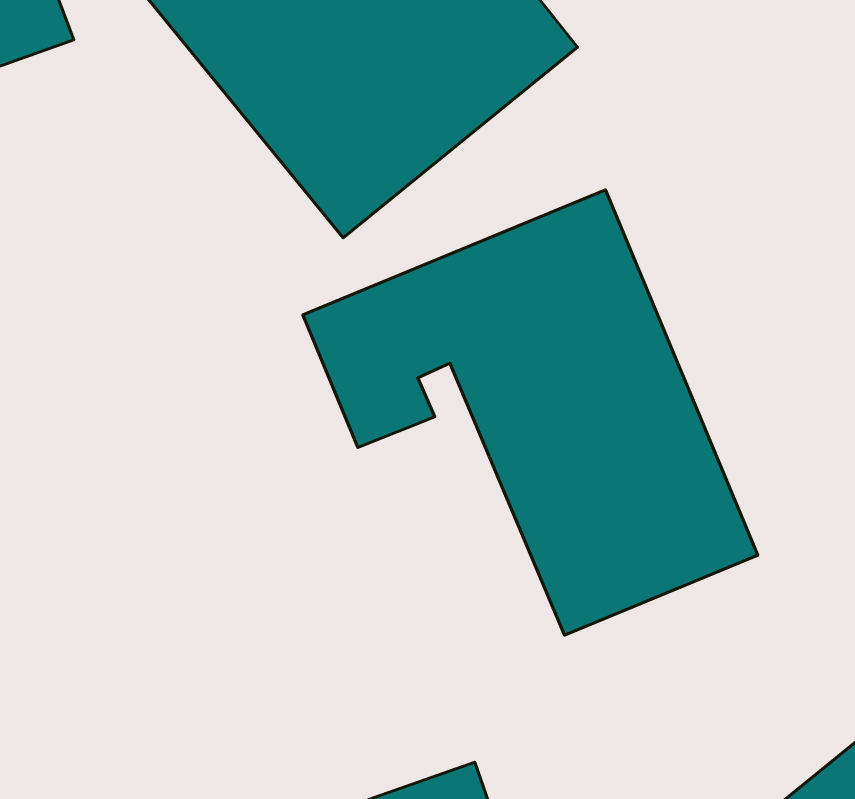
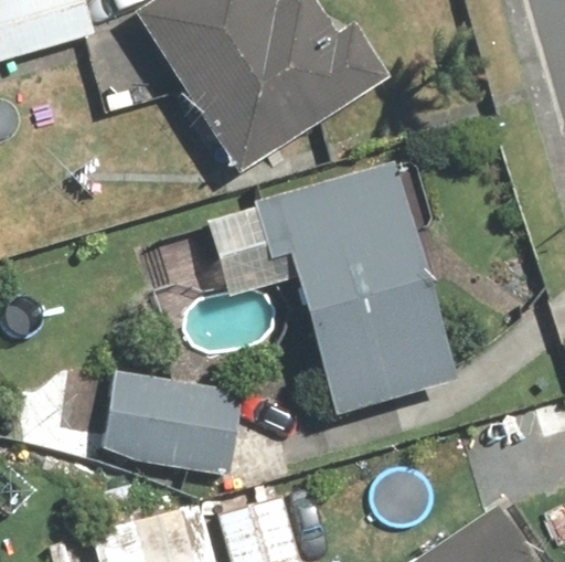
building: none -> [98,372,239,475]

